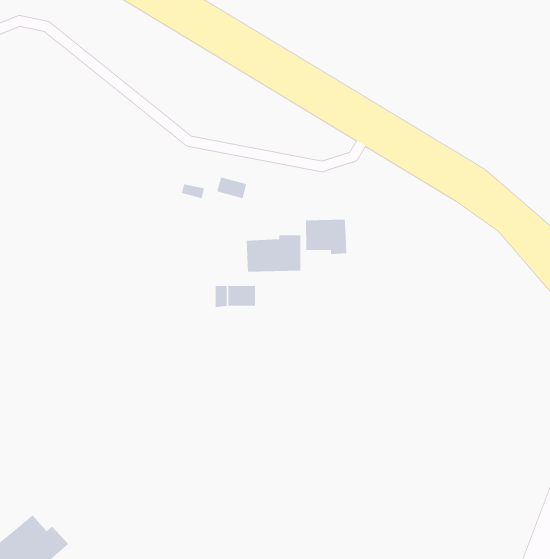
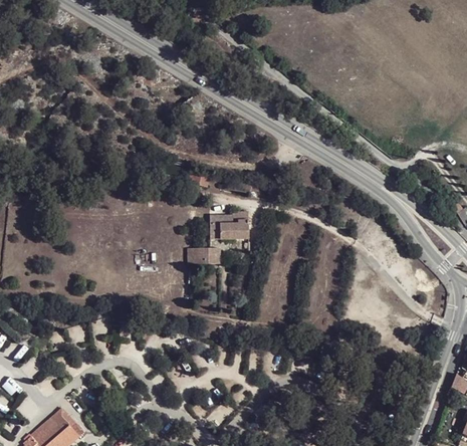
building: [305,219,347,255] -> none

